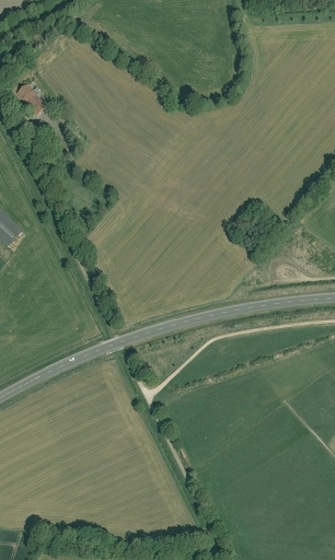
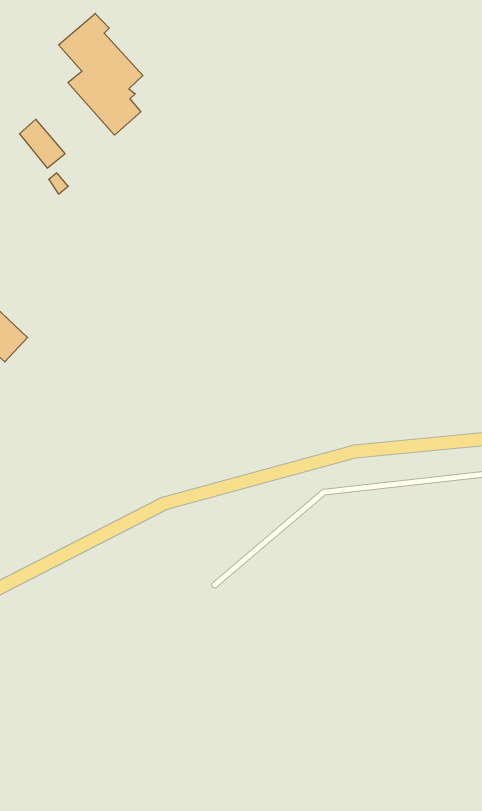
building: none -> [59,13,143,135]

